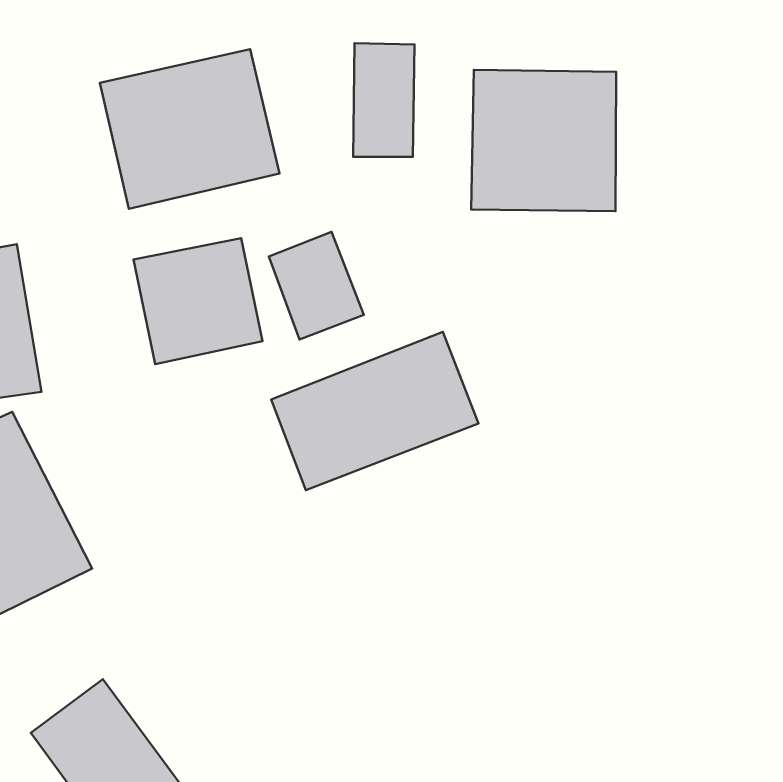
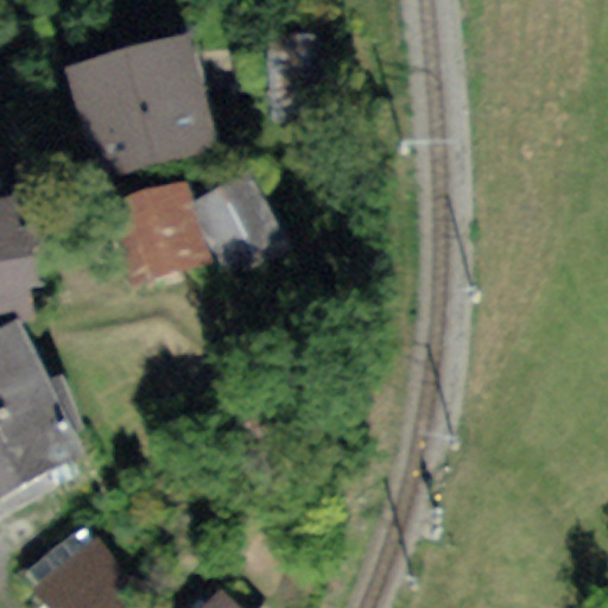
building: [471,70,616,211] -> none
building: [271,332,478,490] -> none

